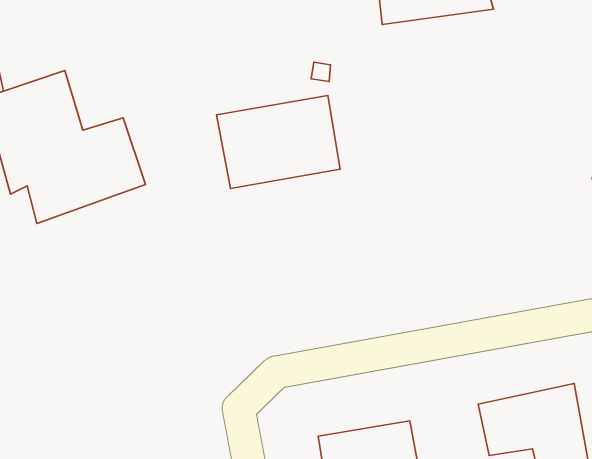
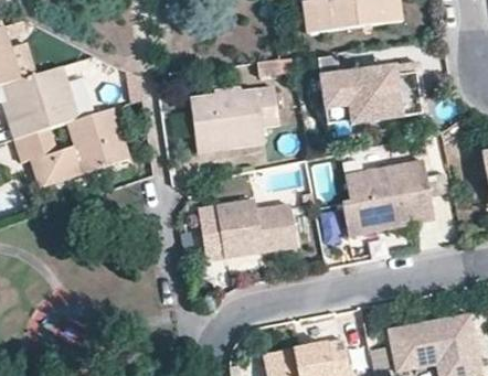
building: none -> [320,64,422,123]
building: none -> [346,161,428,232]
building: none -> [200,198,289,254]

